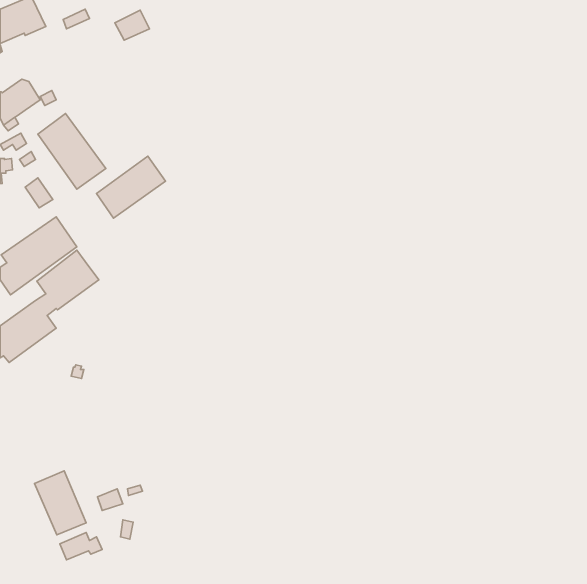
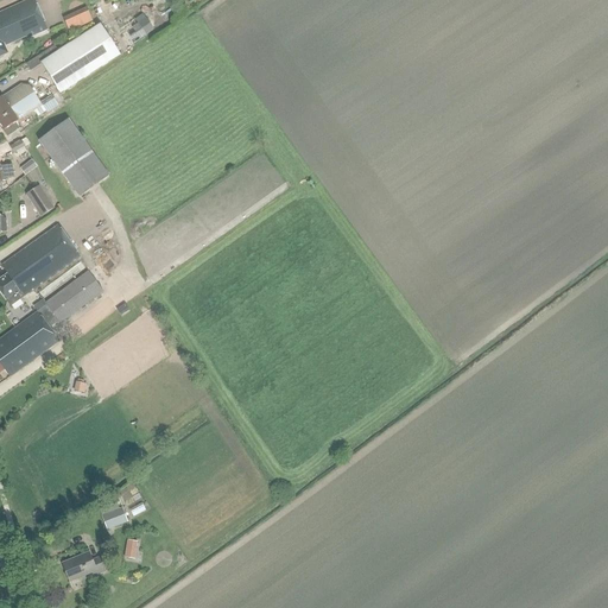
building: none -> [27,20,121,91]
building: [97,156,166,218] -> none
building: [34,471,86,535] -> none

